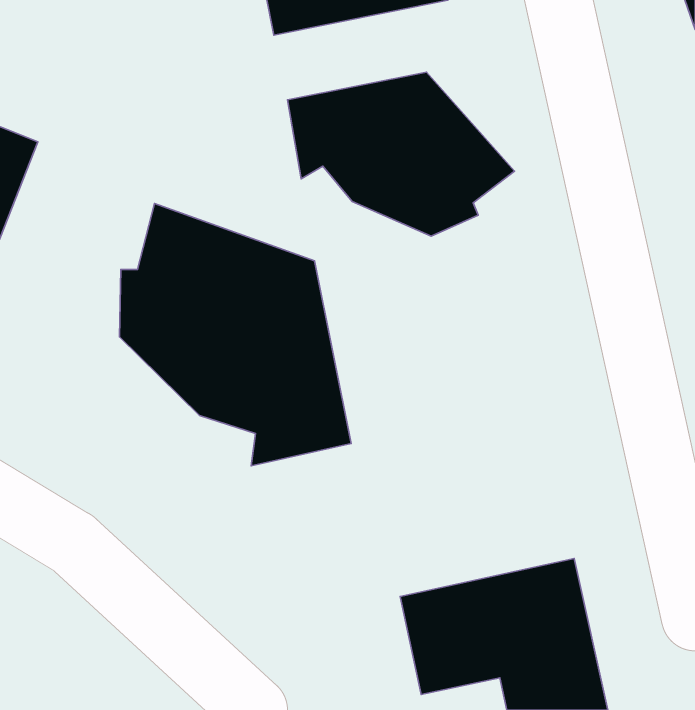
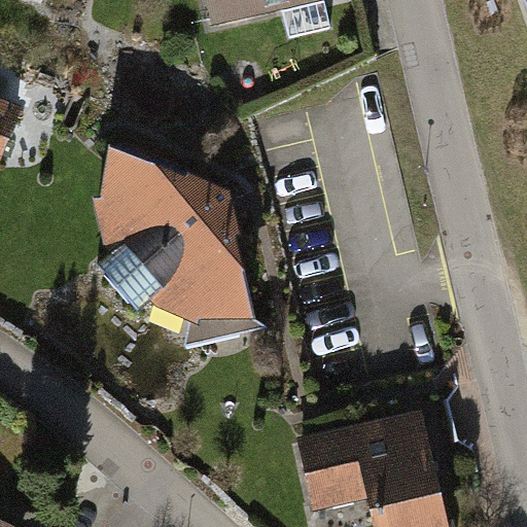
building: [287,72,515,236] -> none

